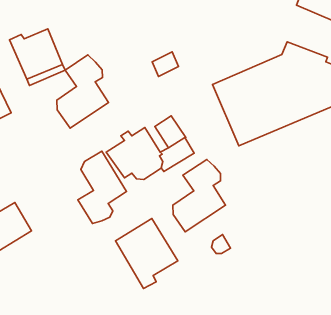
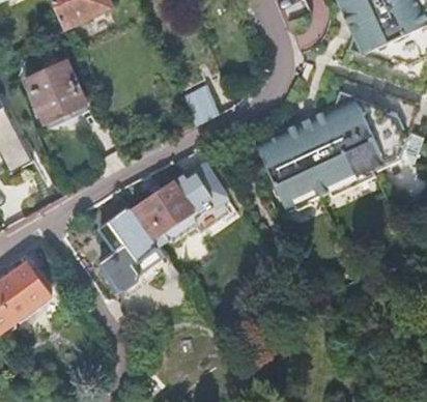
building: [57,55,108,128] -> none
building: [173,159,225,232] -> none
building: [116,219,178,289] -> none

